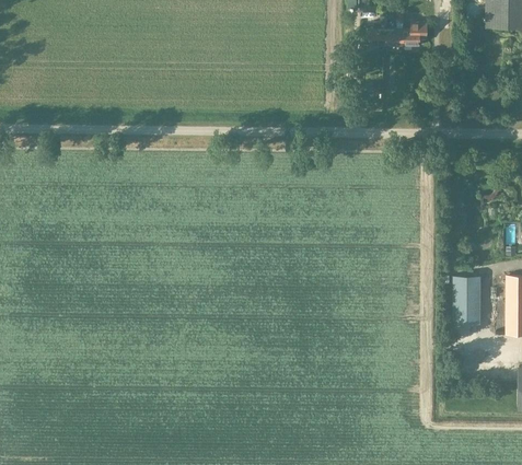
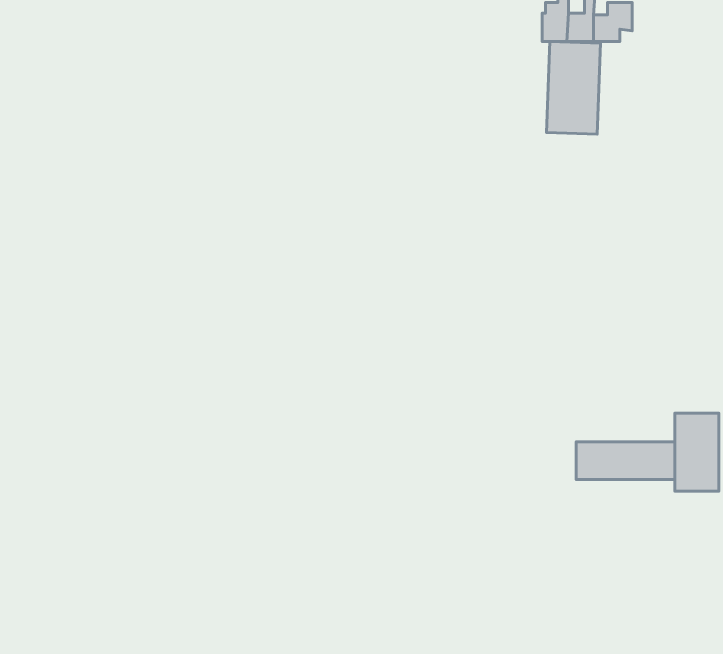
building: none -> [547,42,600,134]
building: none -> [576,442,675,480]

